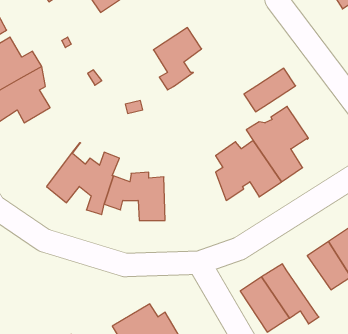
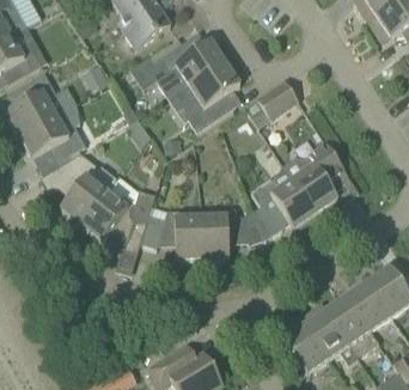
building: none -> [149,41,225,100]
building: [244,68,296,112] -> [245,83,298,127]
building: none -> [39,153,115,225]
building: none -> [201,209,264,260]
building: none -> [325,295,378,357]

